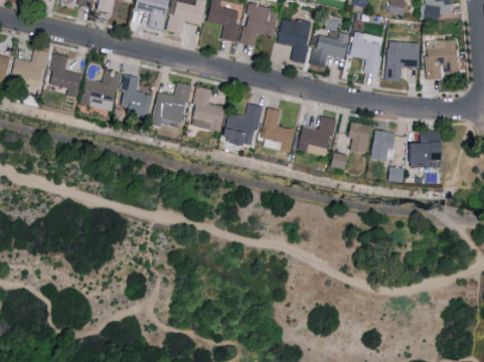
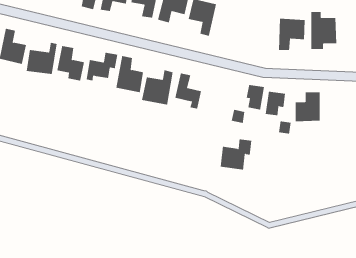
building: [350,31,384,75] -> none
building: [311,32,349,67] -> none
building: [297,117,336,155] -> [220,139,252,170]

